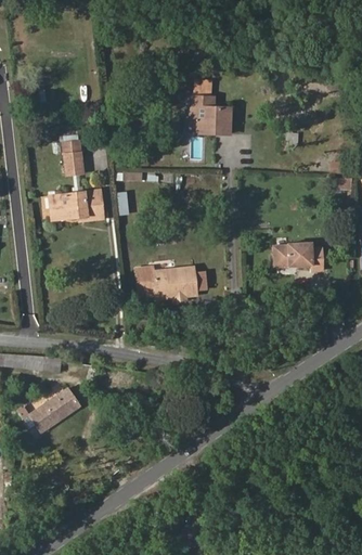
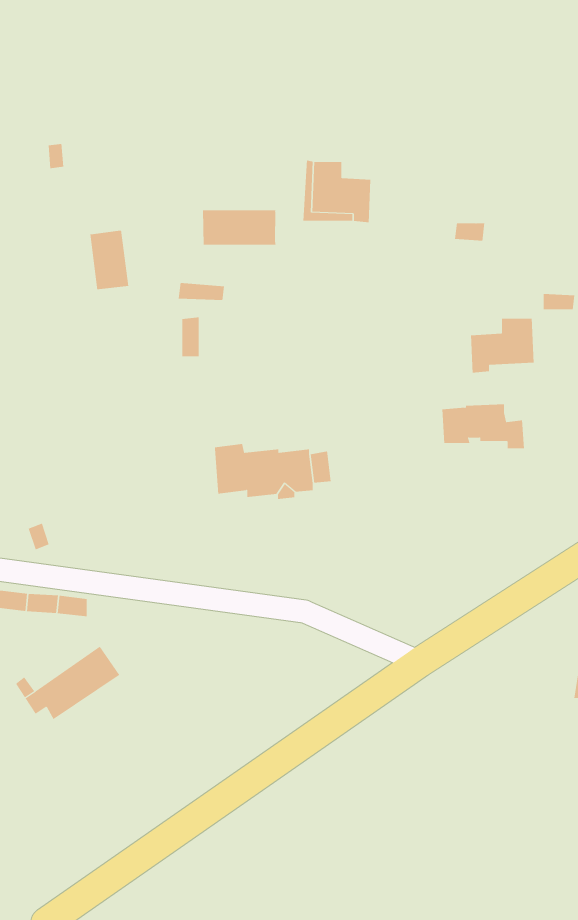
building: none -> [202,209,276,246]
building: [54,190,104,220] -> none
building: none -> [470,318,534,374]

